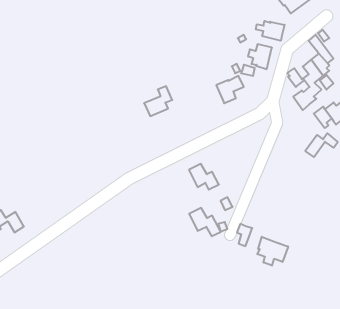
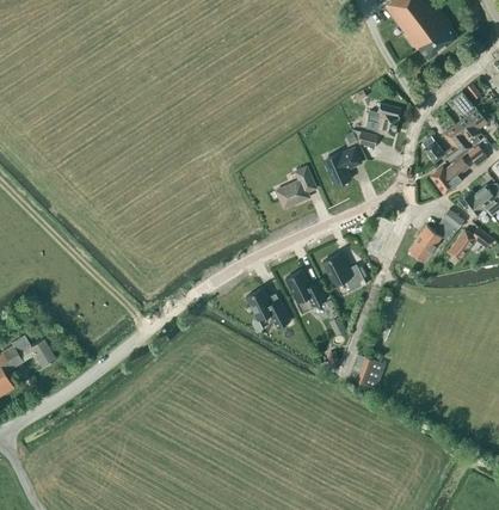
building: [256,21,285,41] -> none
building: [144,86,172,116] -> [276,166,315,208]
building: none -> [409,209,464,259]
building: none -> [322,252,366,291]
building: [189,208,221,236] -> [246,288,290,327]
building: [257,237,288,266] -> none

